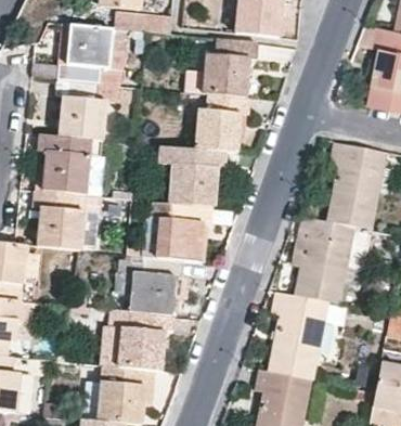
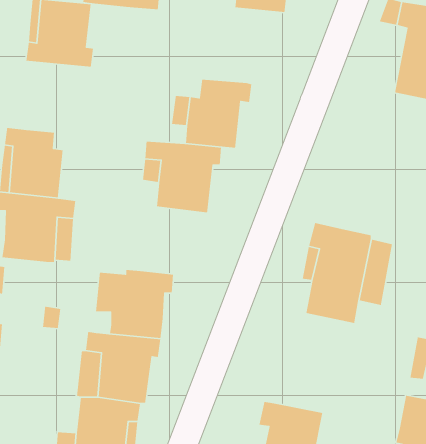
building: [200,40,257,98] -> none
building: [55,79,118,141] -> none
building: [327,142,385,231] -> none
building: [152,203,211,263] -> none
building: [268,291,327,379] -> none

